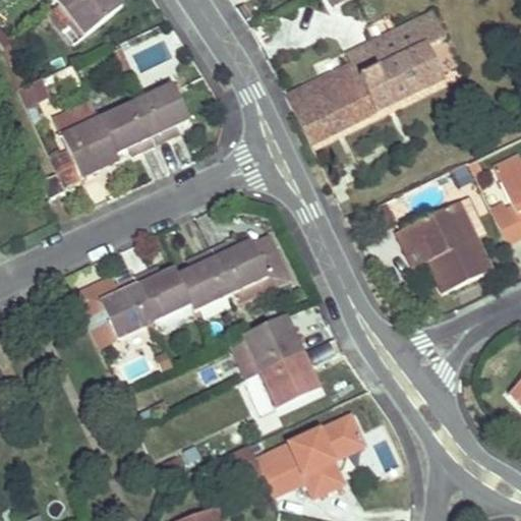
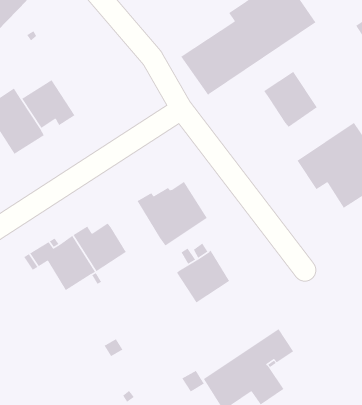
building: [137,81,190,142] -> none
building: none -> [263,71,318,128]
building: [179,248,231,309] -> none
building: [262,354,320,409] -> none

